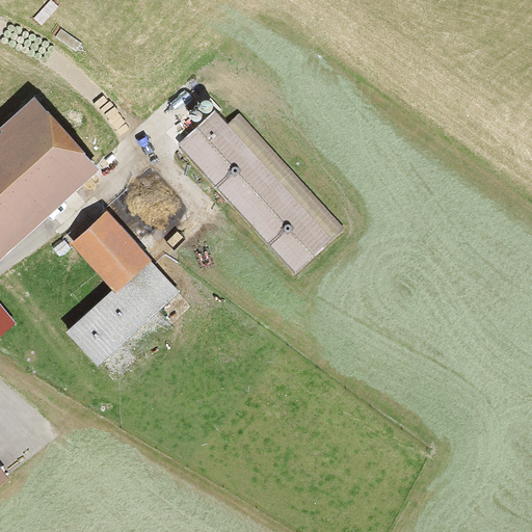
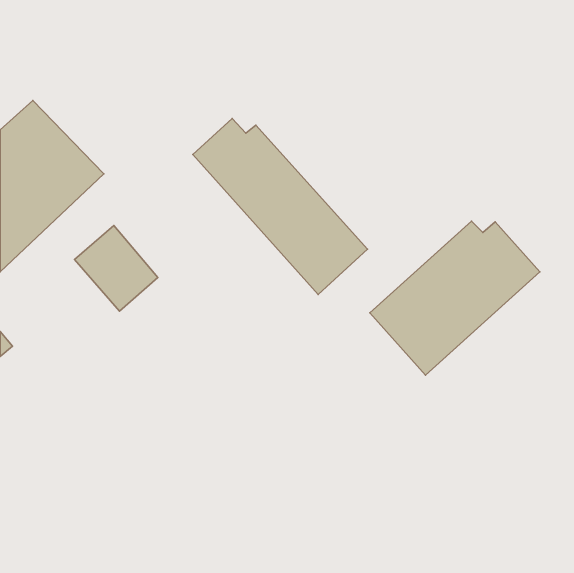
building: none -> [370,221,540,375]
building: [64,259,179,367] -> none

